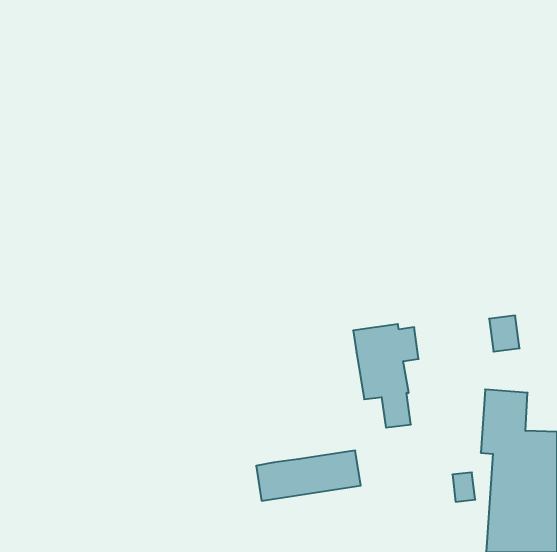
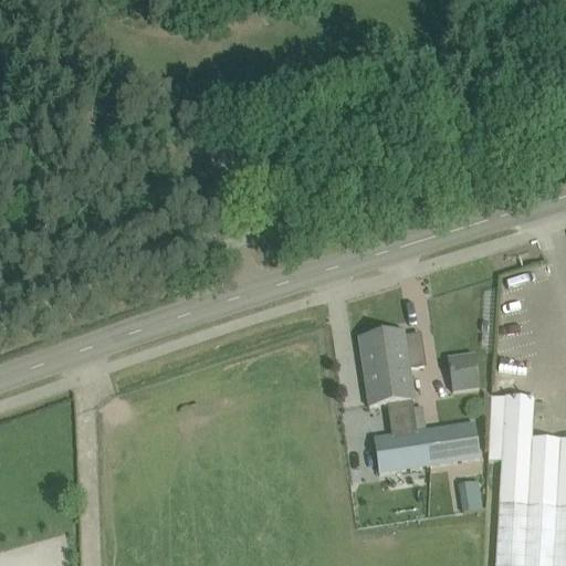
building: [489,316,520,352] -> [448,353,479,389]
building: [256,451,361,501] -> [374,421,480,472]

